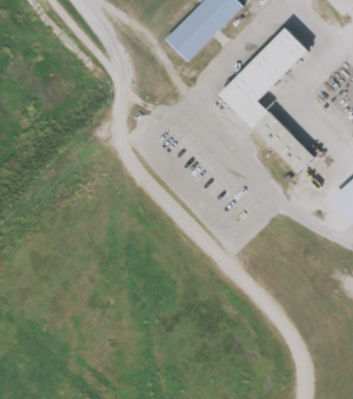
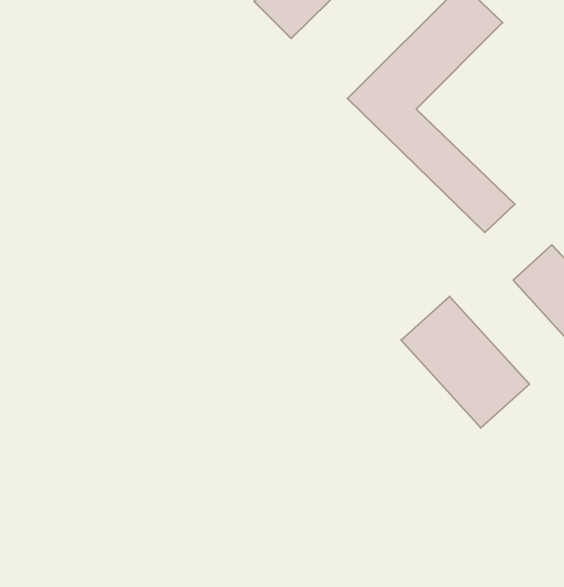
building: none -> [401,296,529,428]

